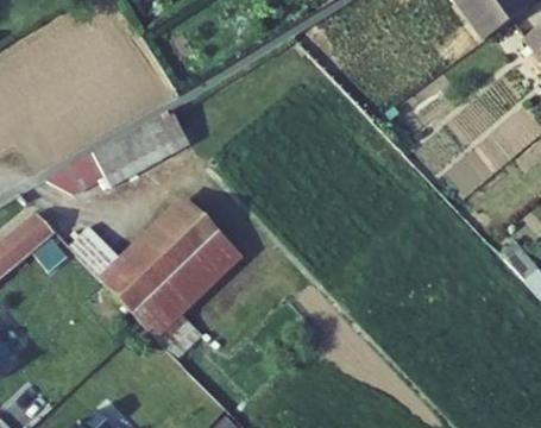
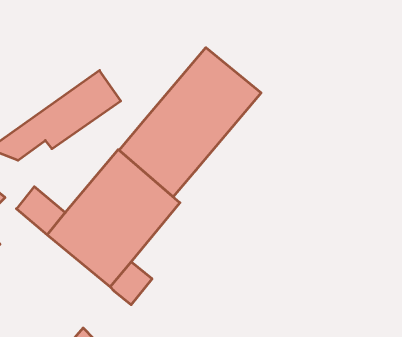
building: none -> [119,48,261,197]

